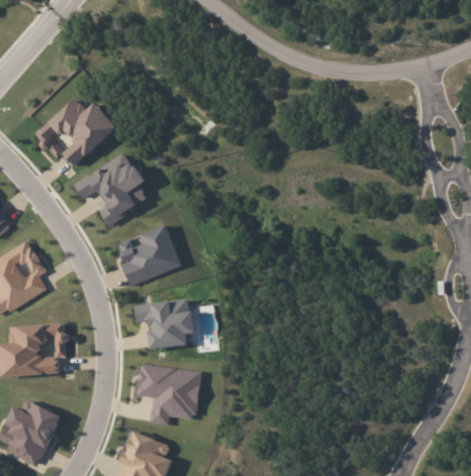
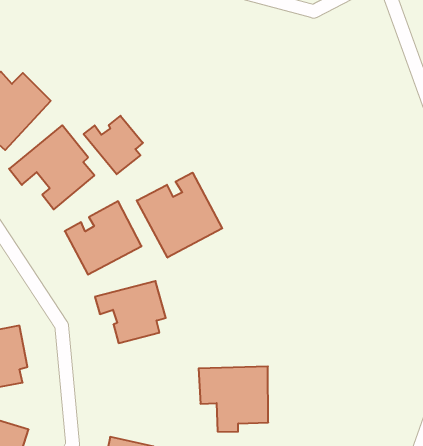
building: none -> [84,116,143,174]
building: none -> [137,173,222,258]
building: [138,364,201,424] -> [199,366,268,432]

